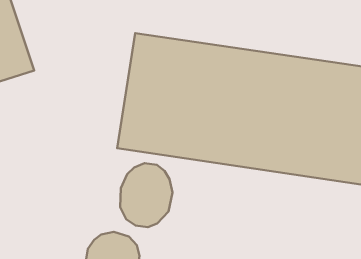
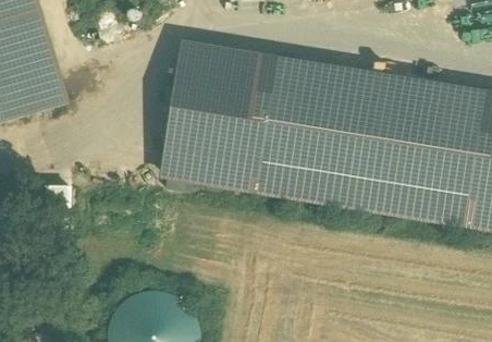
building: [120,163,173,227] -> none

